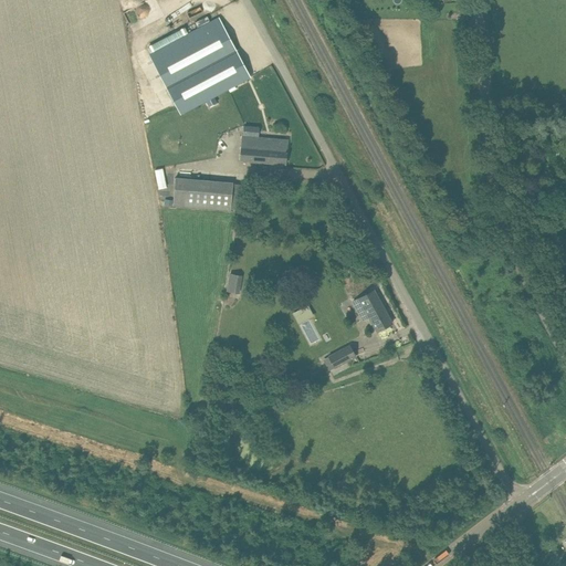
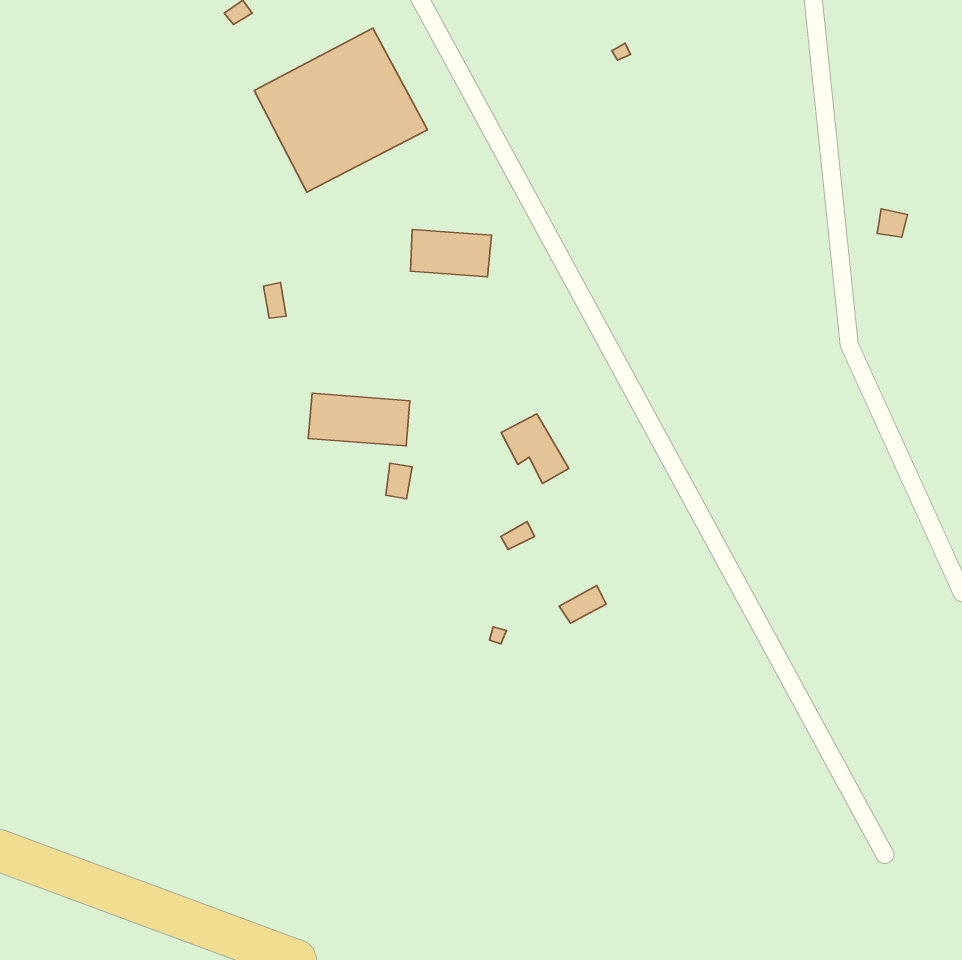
building: [174,178,233,209] -> [308,393,410,446]
building: [353,290,392,331] -> [501,414,569,483]

